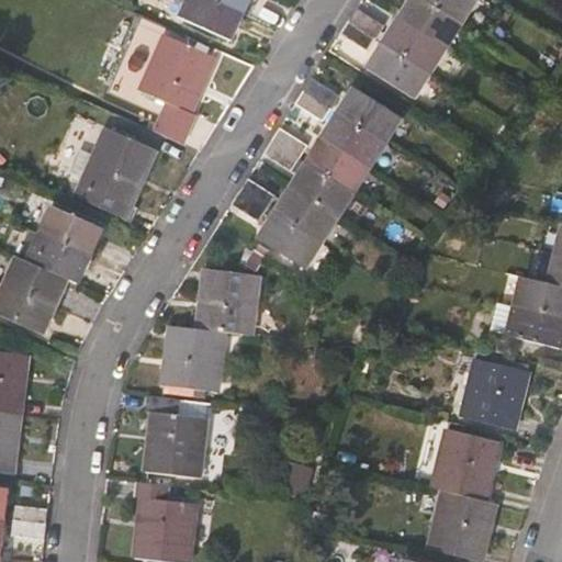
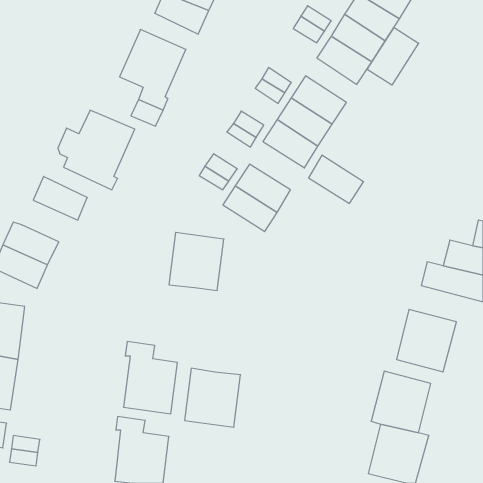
building: none -> [367,27,419,85]
building: [289,164,352,220] -> [309,155,364,203]
building: [25,232,90,283] -> none
building: [160,325,225,393] -> [185,368,241,427]

